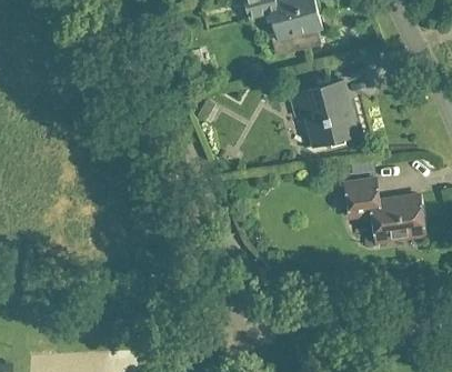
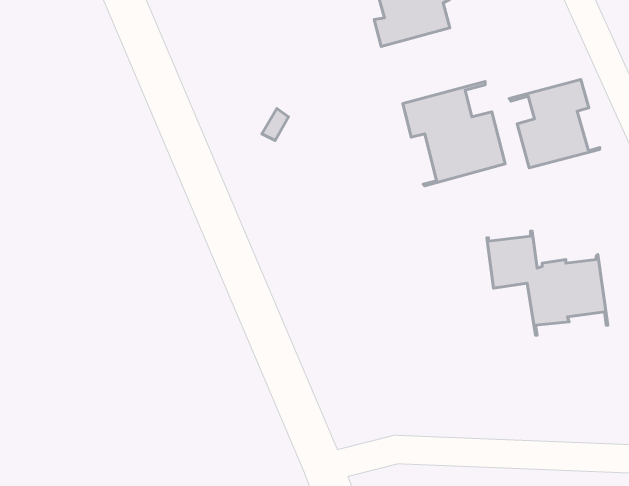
building: none -> [509,80,600,168]

